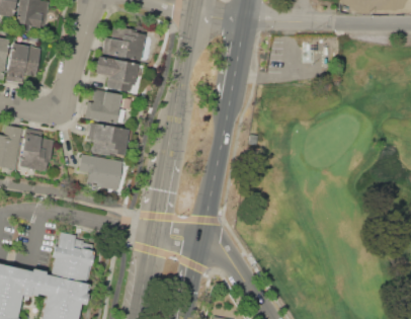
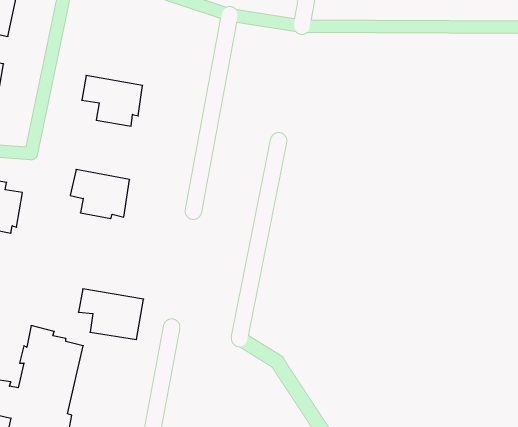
building: [103,26,144,61] -> none
building: [85,90,126,125] -> none
building: [78,155,124,190] -> [78,289,144,340]

